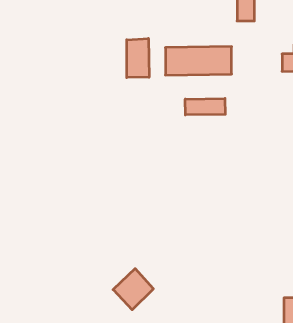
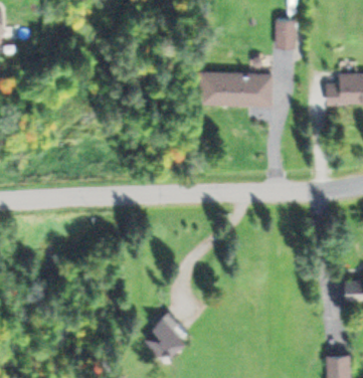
building: [127,38,149,78] -> none
building: [185,98,225,115] -> none

